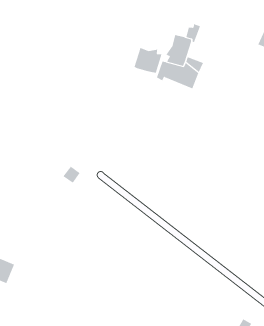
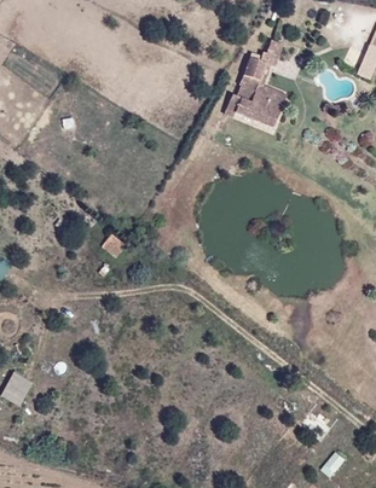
building: [134,47,162,74] -> none

